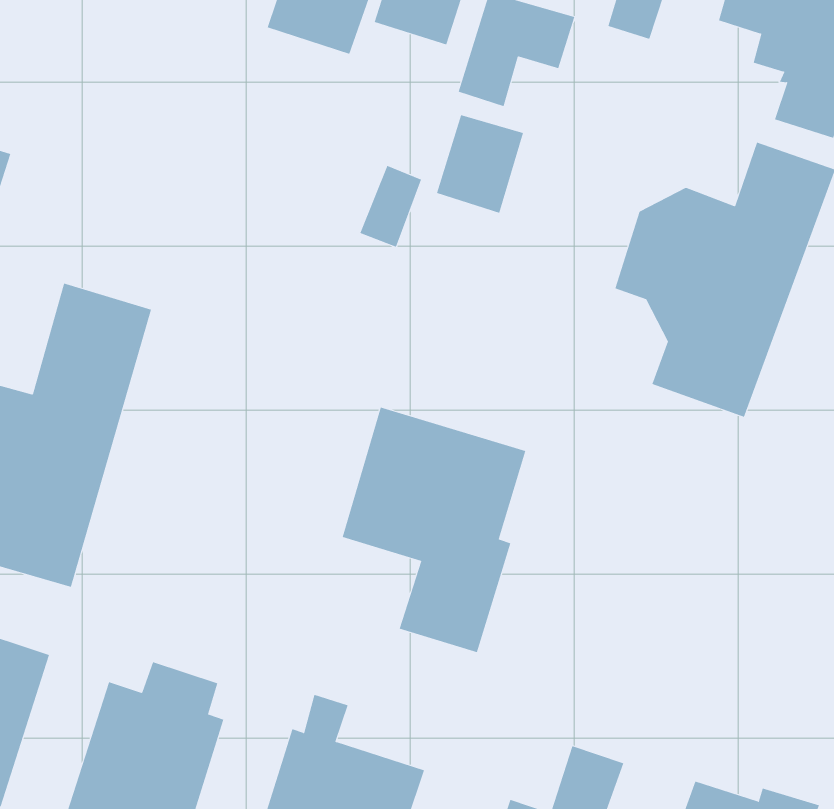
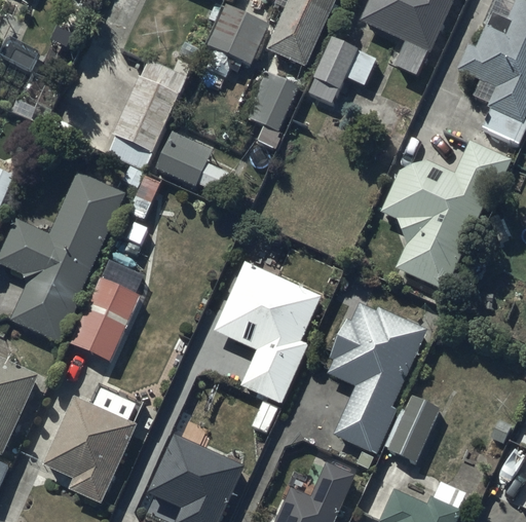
building: none -> [107,60,188,171]
building: [436,114,524,214] -> [246,72,298,129]
building: none -> [155,132,228,192]
building: none -> [327,302,427,453]
building: none -> [69,276,140,361]
building: none -> [387,394,441,462]

